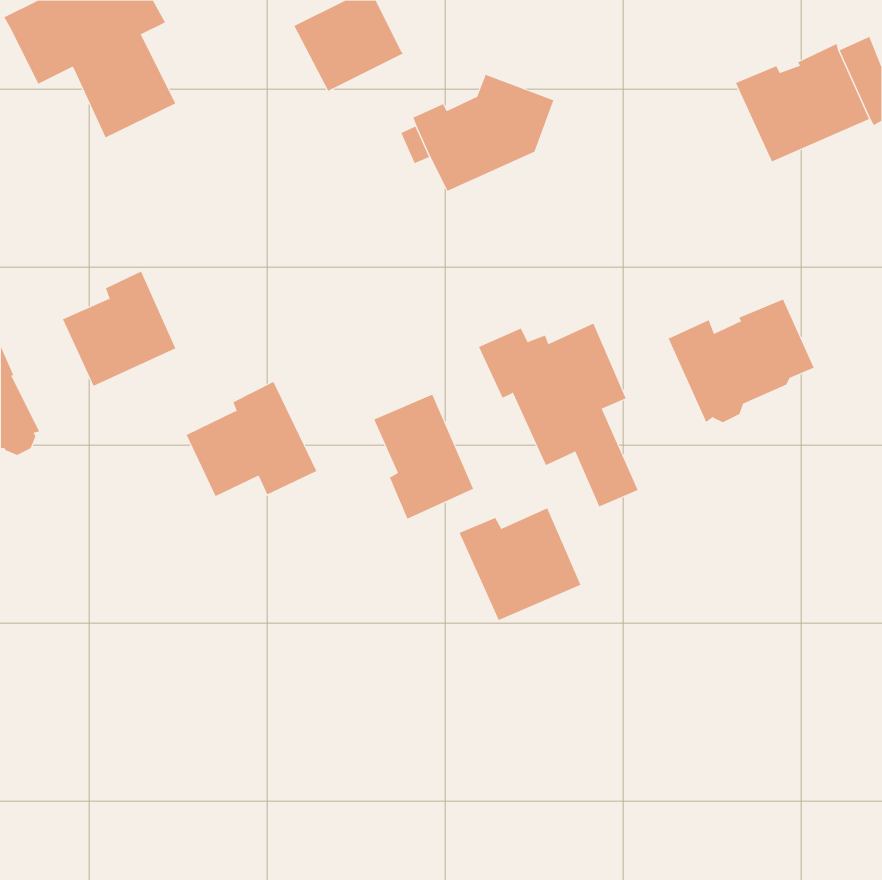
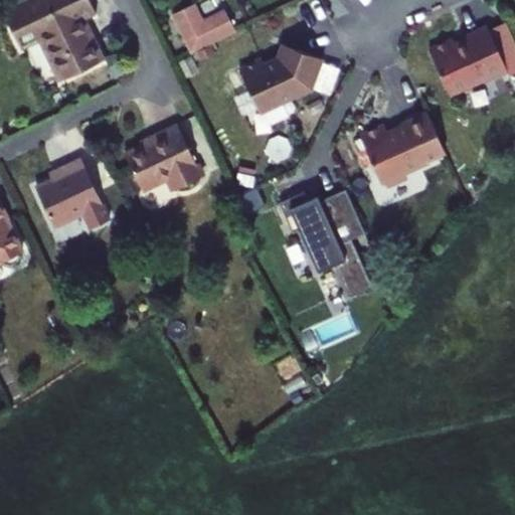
building: [668,299,814,423] -> [360,113,446,185]
building: [186,381,317,497] -> [126,124,202,191]
building: [374,394,474,520] -> none
building: [459,507,581,621] -> none

